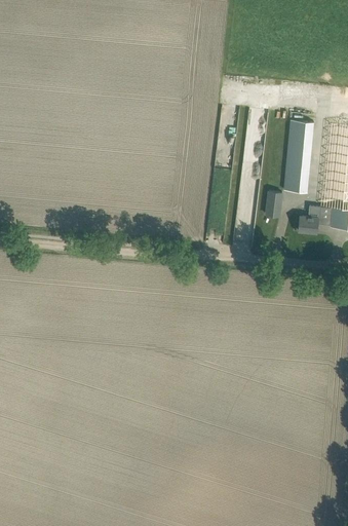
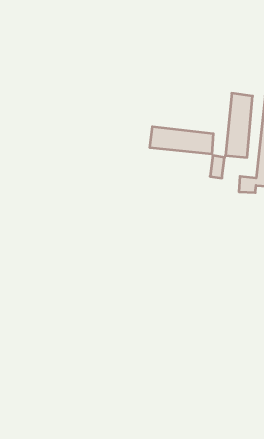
building: none -> [150,127,213,154]

